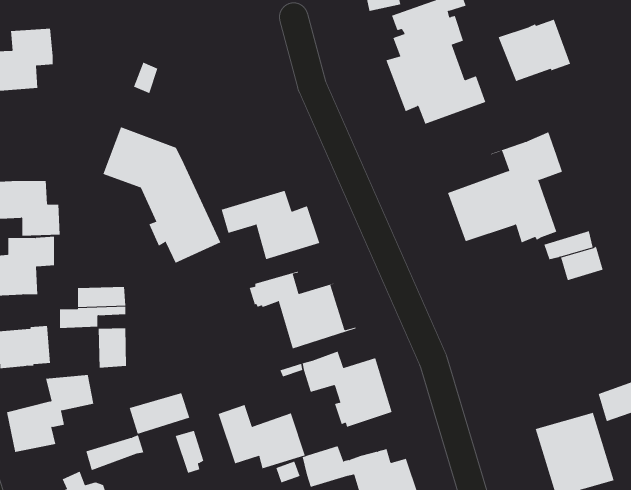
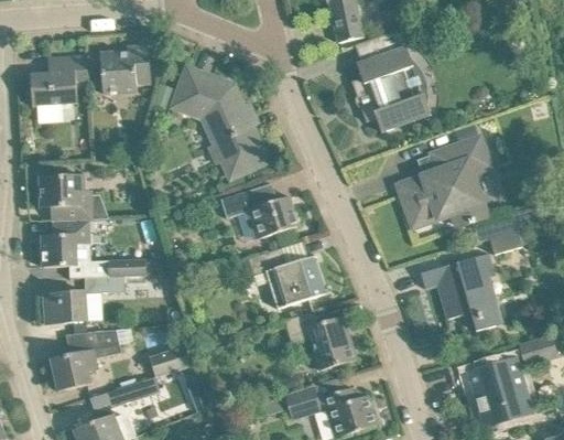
building: none -> [99,46,150,93]
building: [498,19,571,82] -> none
building: [103,127,221,263] -> [173,68,267,176]
building: none -> [420,253,502,330]
building: [98,327,127,368] -> none
building: [218,404,305,469] -> none

